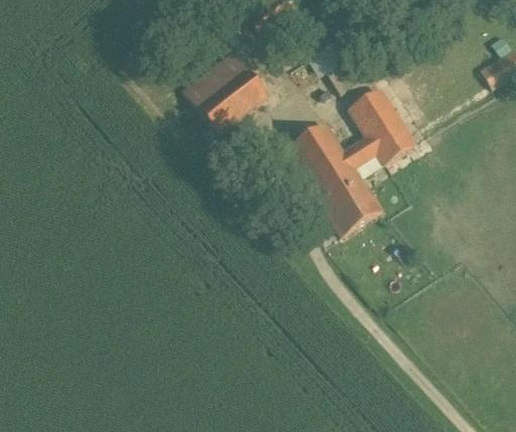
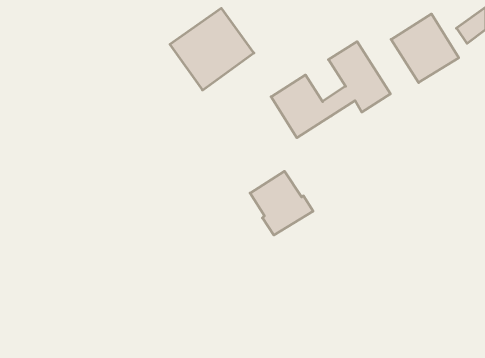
building: none -> [391,14,459,83]
building: [315,165,382,233] -> [250,171,313,235]

